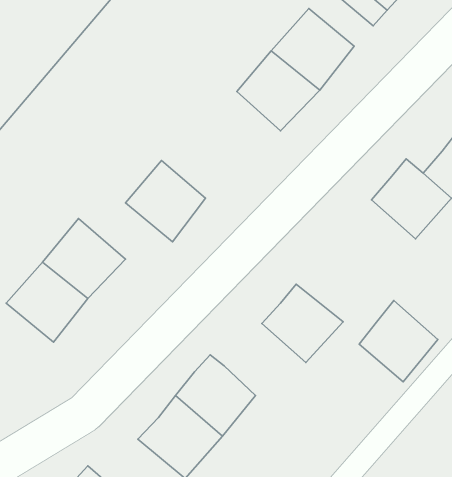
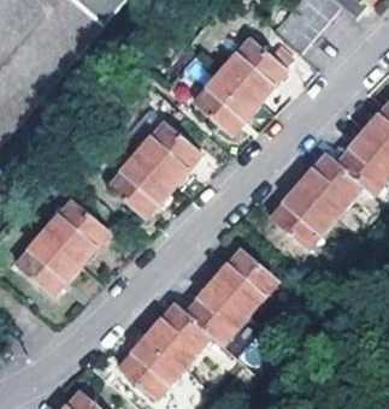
building: none -> [136,123,199,184]
building: [359,300,438,382] -> [271,185,331,248]
building: none -> [184,280,247,344]

